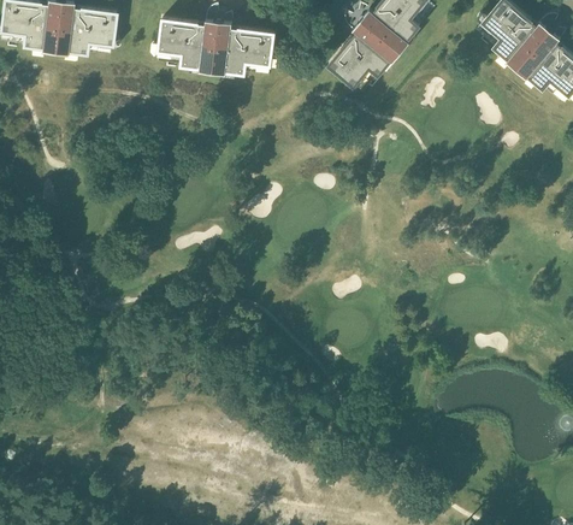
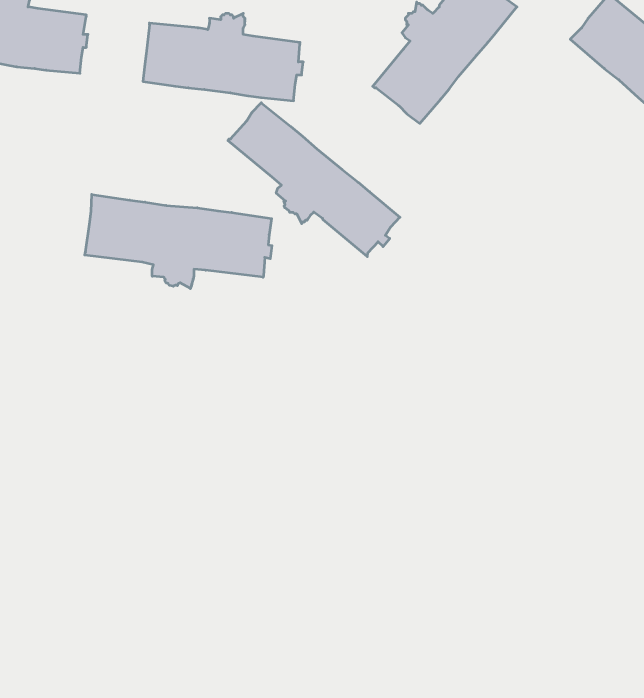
building: none -> [228,103,400,257]
building: none -> [85,194,272,289]

